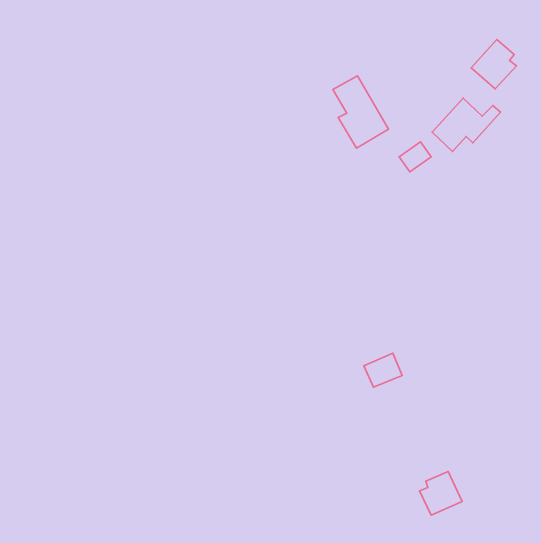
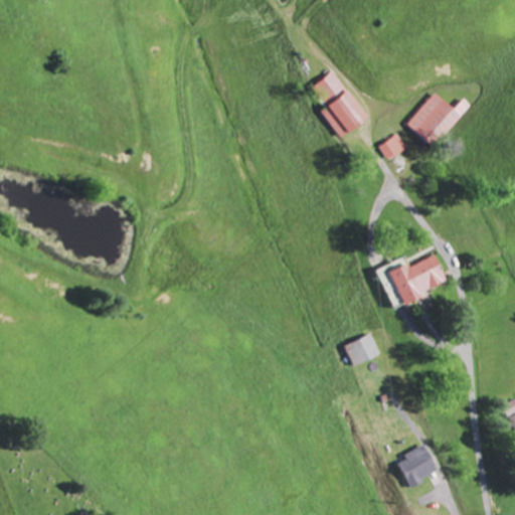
building: [471,40,517,89] -> none
building: none -> [385,255,447,305]

